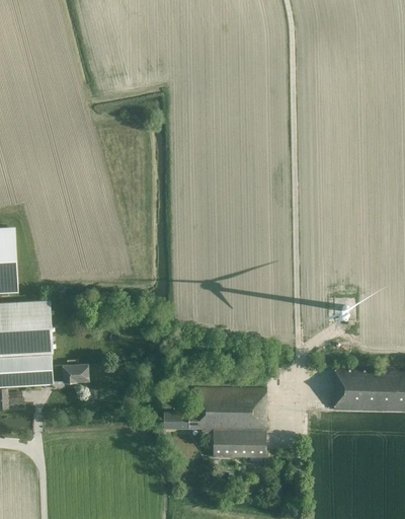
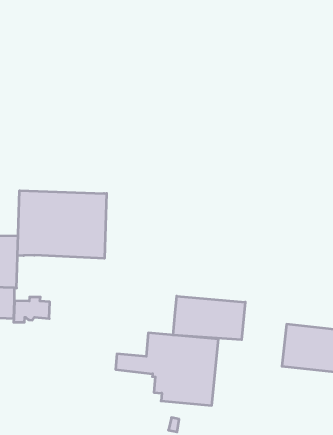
building: none -> [18,191,107,258]
building: none -> [173,296,245,340]

